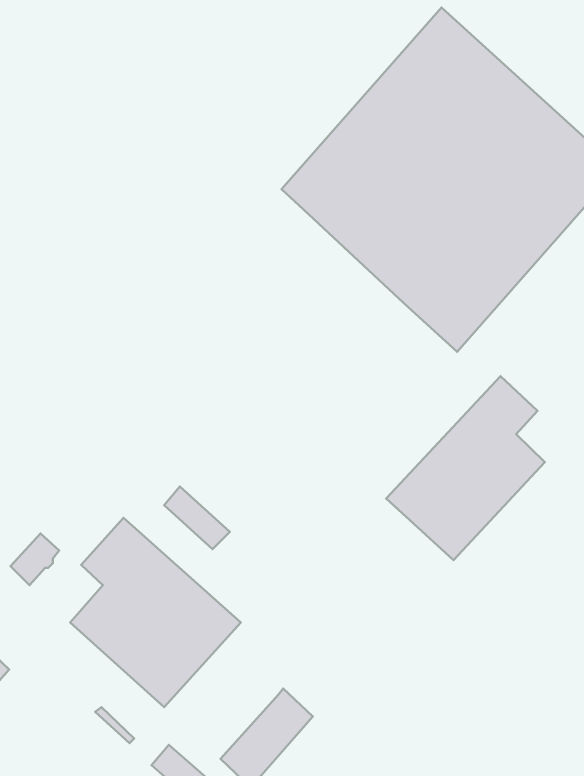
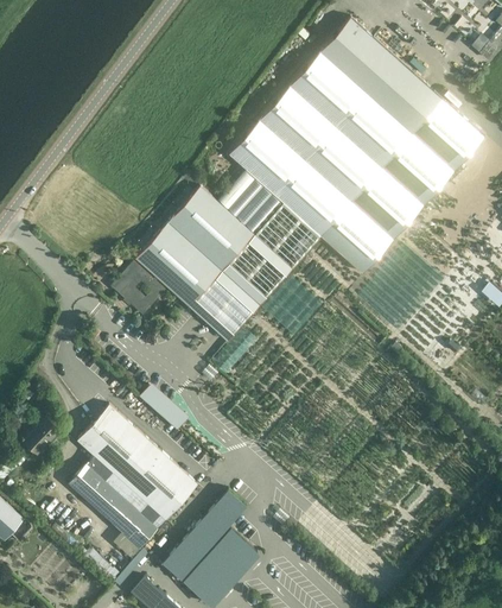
building: none -> [112,170,322,342]
building: [386,376,545,560] -> none
building: none -> [163,489,247,578]

